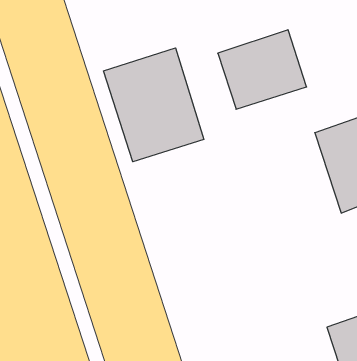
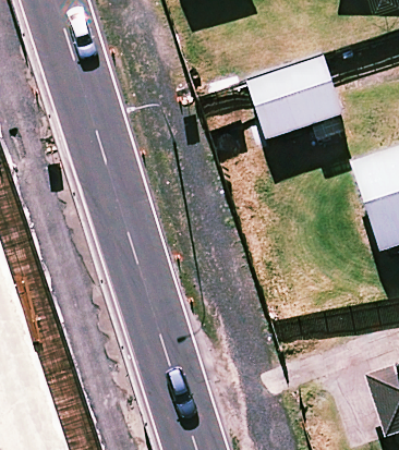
building: [103,48,204,162] -> none

